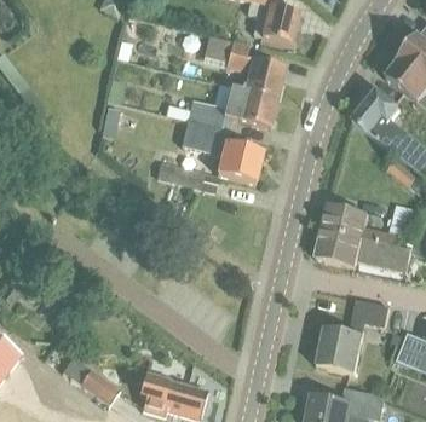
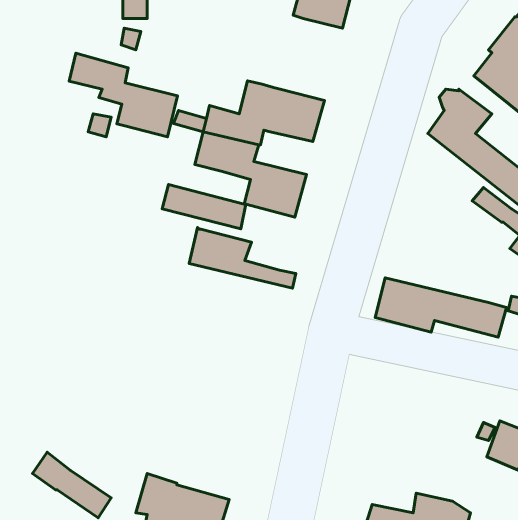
building: [205,35,284,97] -> [69,53,177,137]
building: [322,201,401,245] -> [189,228,296,288]
building: [316,299,390,374] -> none

